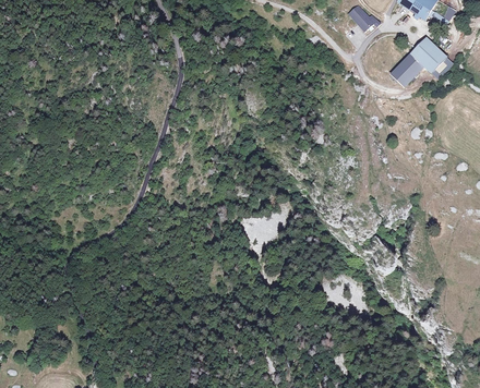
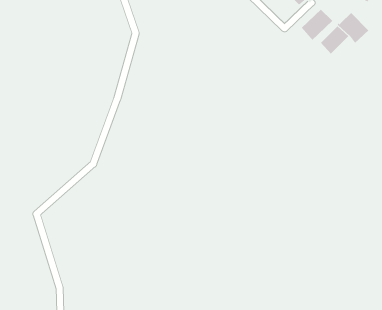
building: none -> [301,9,333,41]

